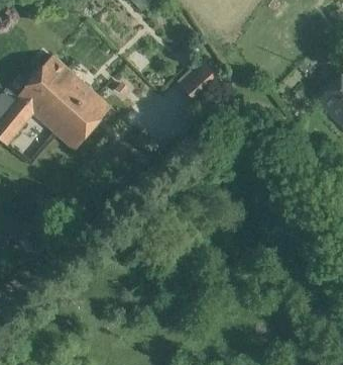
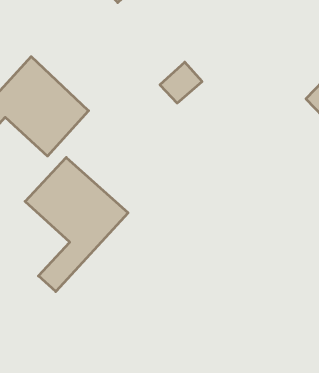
building: none -> [25,157,128,292]

